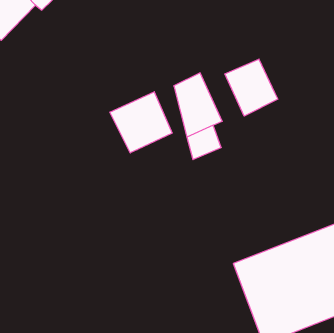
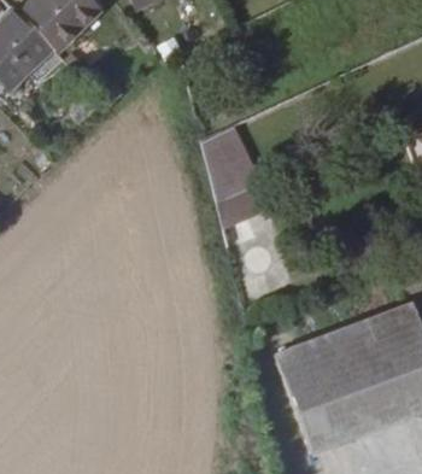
building: [225,59,278,116] -> none
building: [110,92,172,153] -> none

